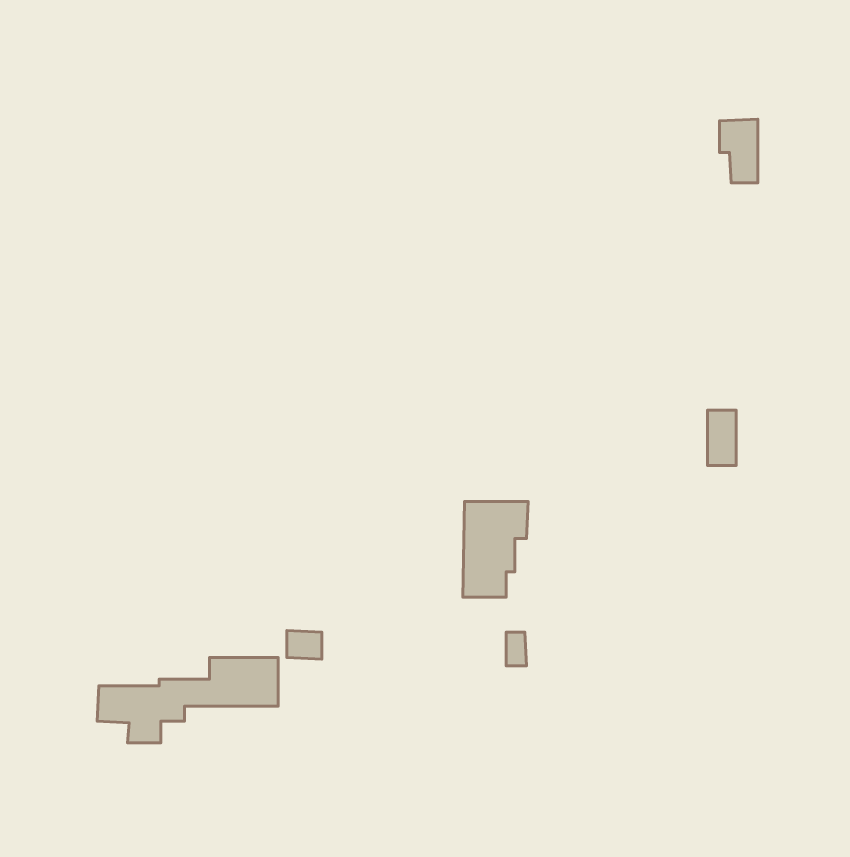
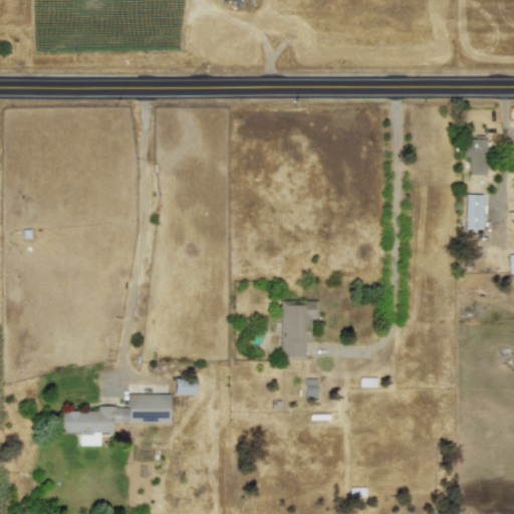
building: [719,119,758,183] -> [465,137,488,175]
building: [708,410,736,465] -> [468,195,485,228]

